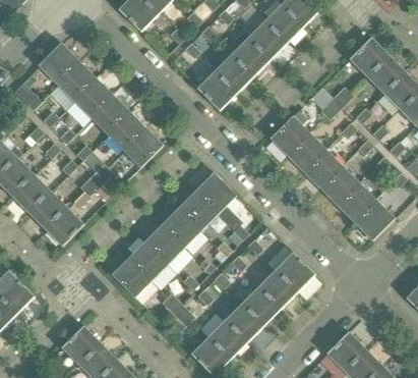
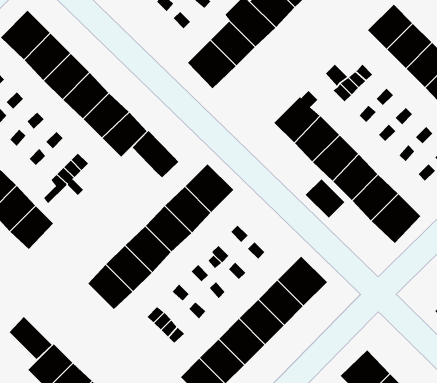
building: none -> [132,130,179,178]
building: none -> [305,178,345,219]
building: none -> [9,316,53,360]

